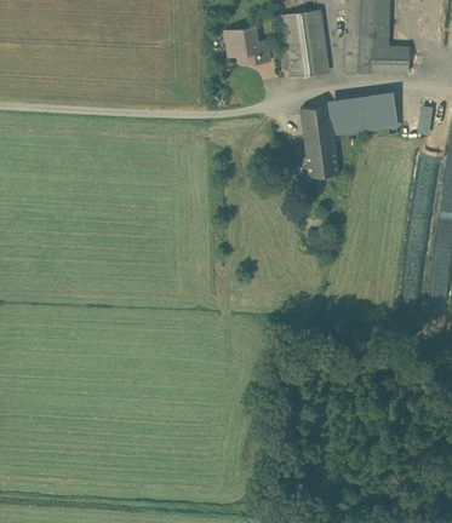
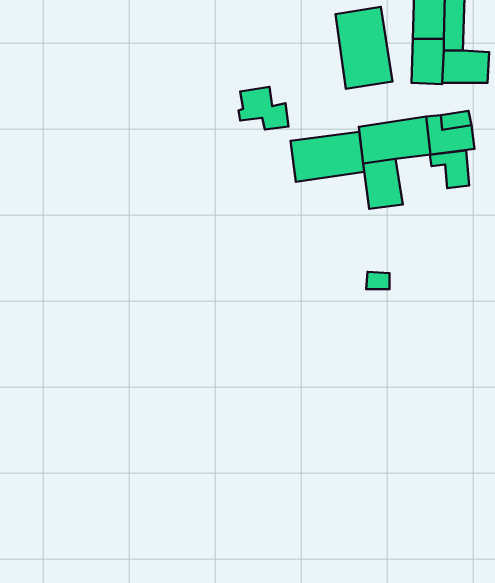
building: [228,28,269,63] -> [239,87,288,129]
building: none -> [290,132,364,182]
building: none -> [430,151,469,188]

